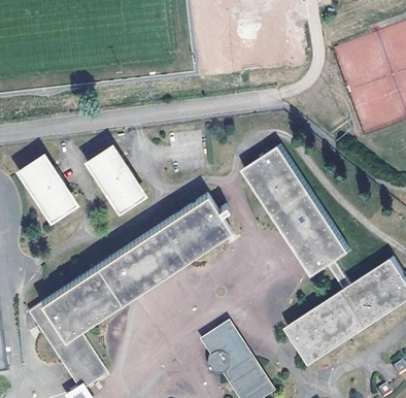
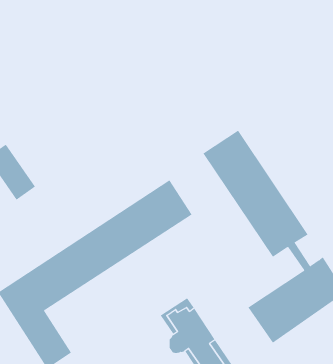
building: [87,145,139,205] -> none

